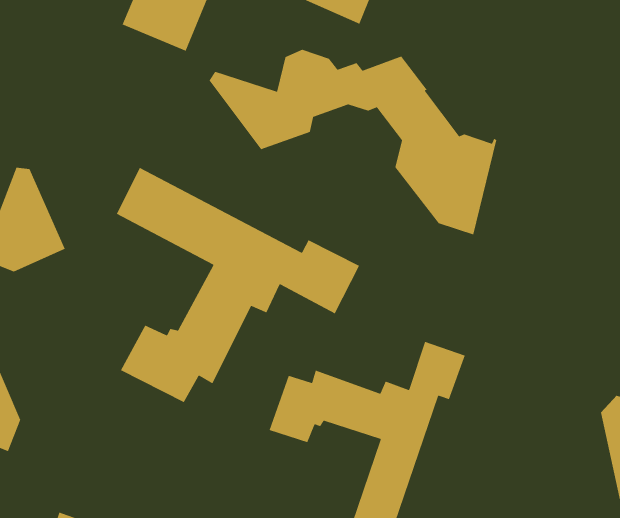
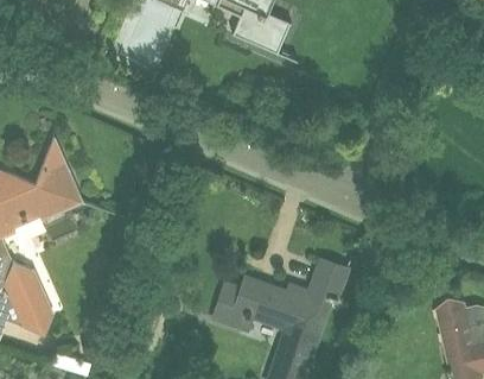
building: [209,49,497,236] -> none
building: [116,167,360,403] -> none

